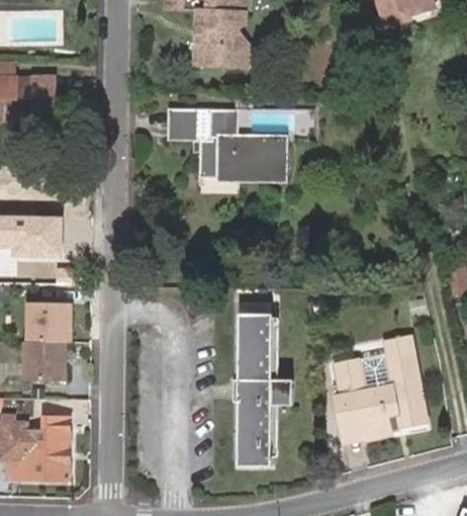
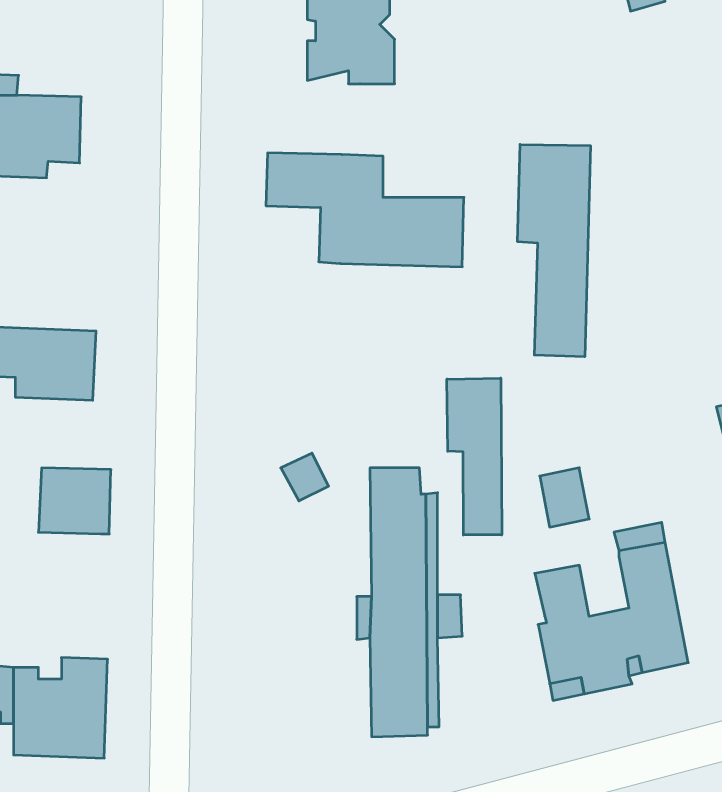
building: none -> [518,144,590,357]
building: none -> [447,378,502,535]
building: [25,341,67,381] -> none
building: [360,356,390,393] -> [540,468,589,527]

